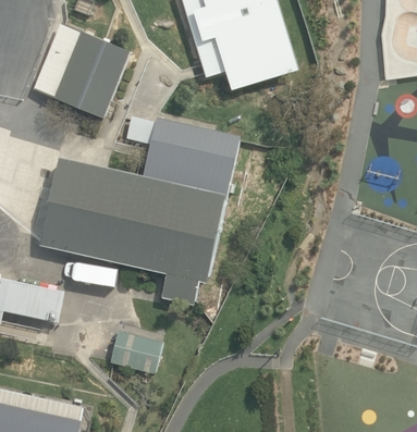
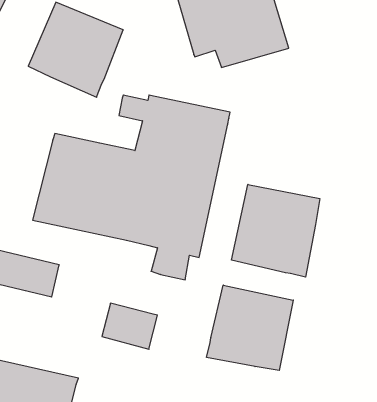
building: none -> [232,184,320,277]
building: none -> [207,285,293,370]

